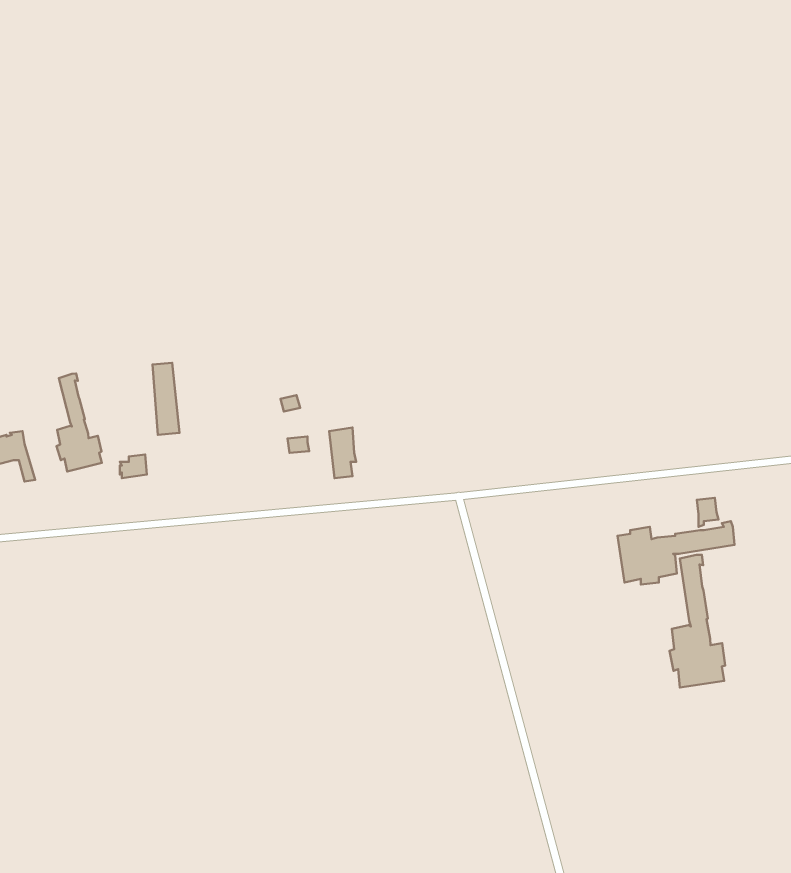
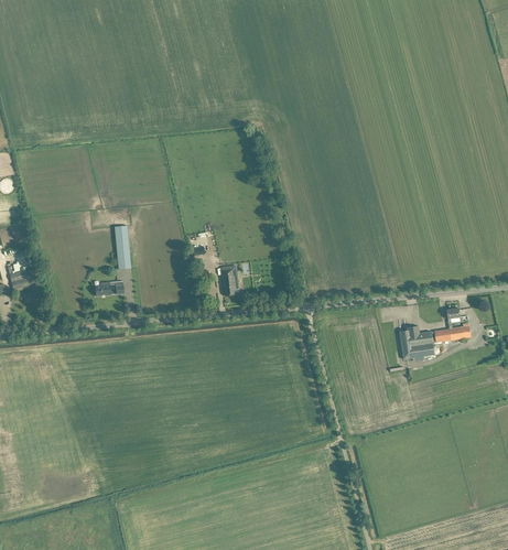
building: [56,374,102,472] -> none
building: [669,555,725,687] -> none

